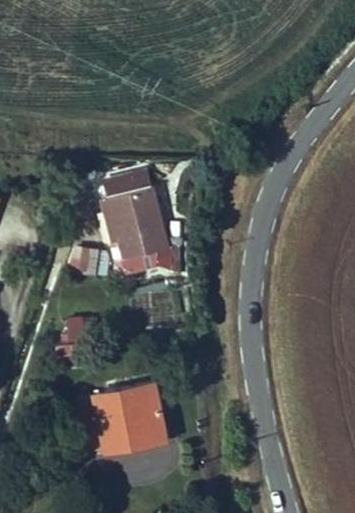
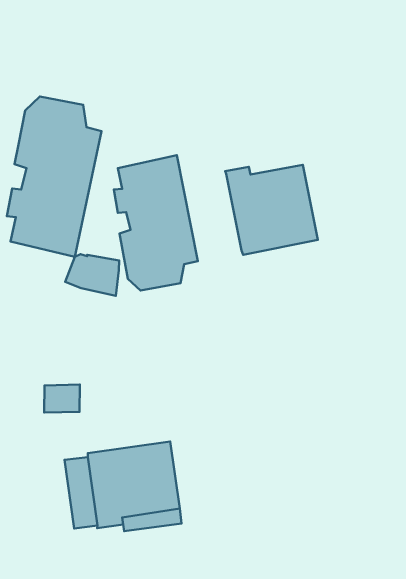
building: none -> [7,97,101,257]
building: none -> [225,165,318,255]

